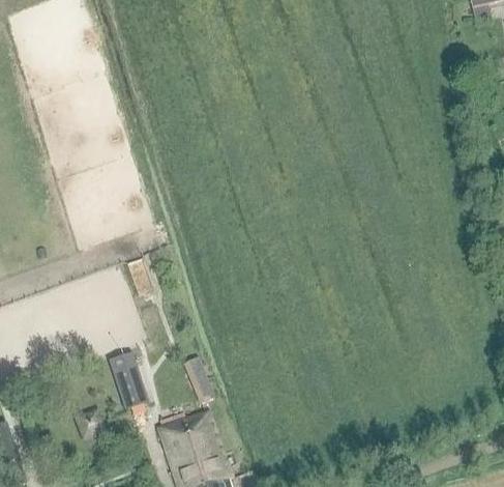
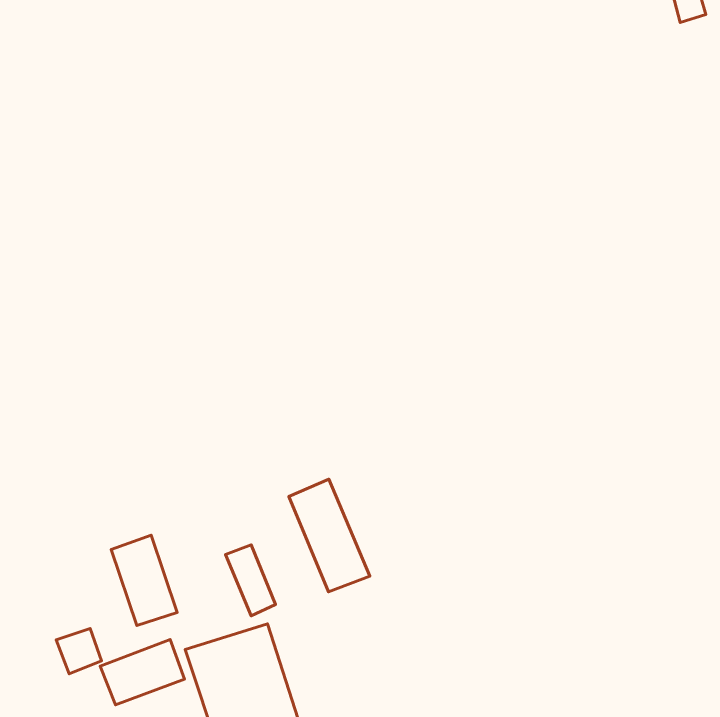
building: none -> [289,479,370,592]
building: none -> [100,639,184,705]

